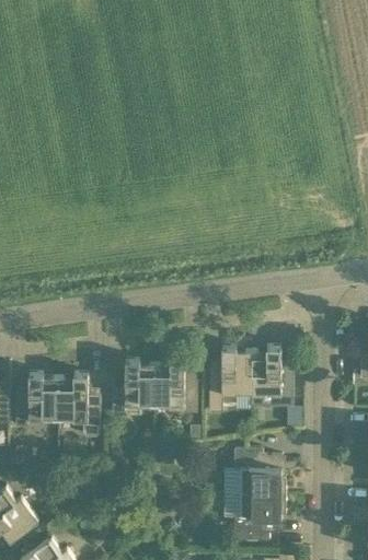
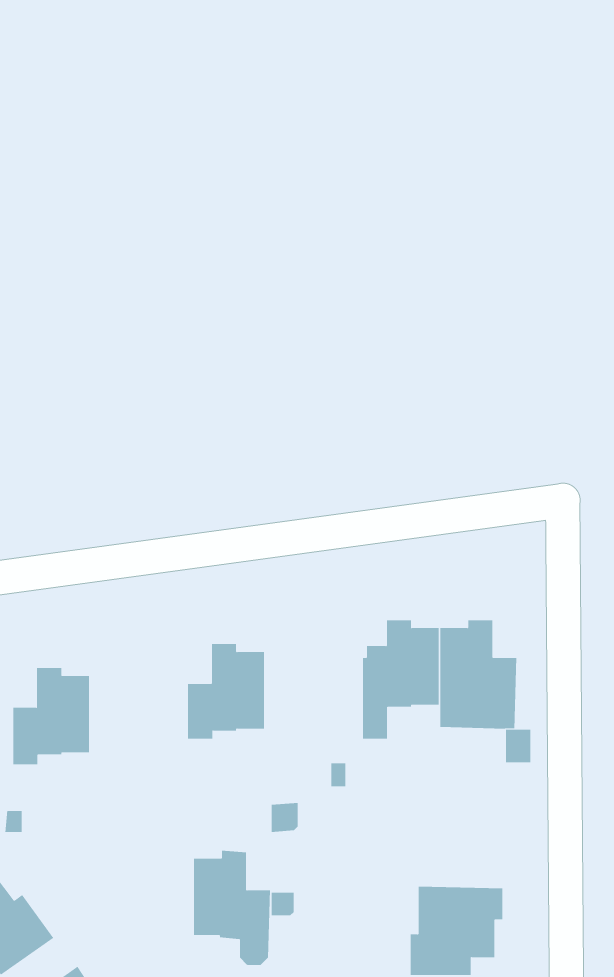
building: [154,360,197,413] -> none
building: [58,373,101,436] -> [193,850,271,965]
building: [231,448,286,494] -> none

